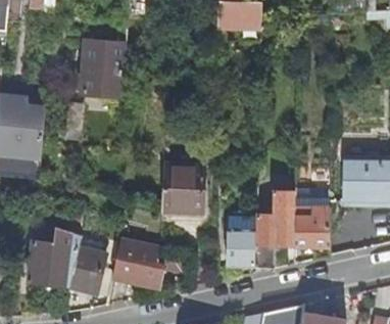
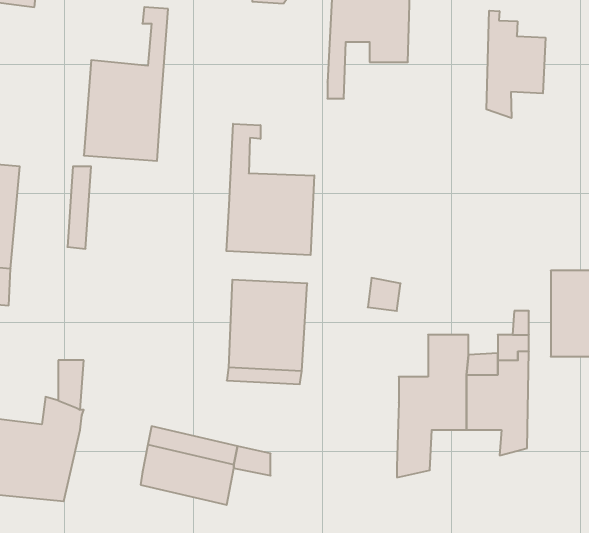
building: none -> [486,11,545,118]
building: none -> [226,124,314,255]
building: [227,216,256,266] -> none
building: [69,237,113,295] -> none

